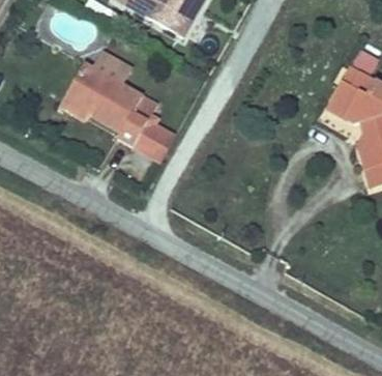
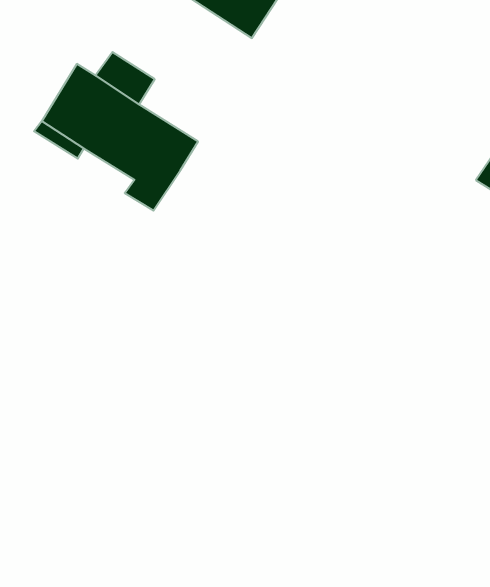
building: [136,115,178,155] -> none

